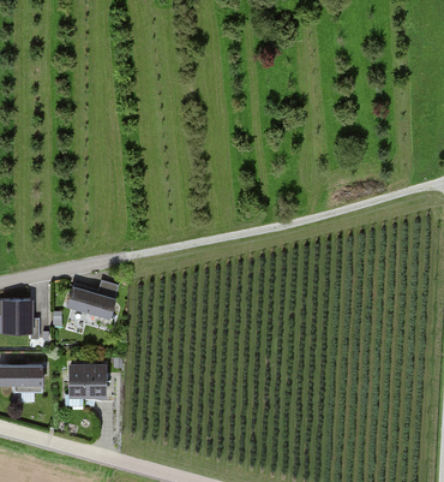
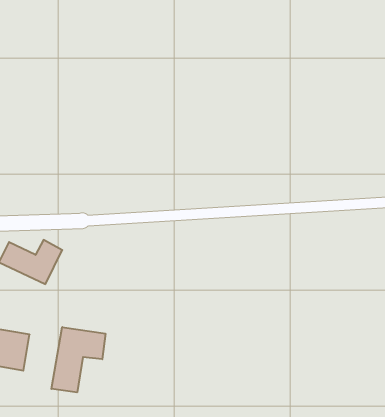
building: none -> [51,327,105,392]

